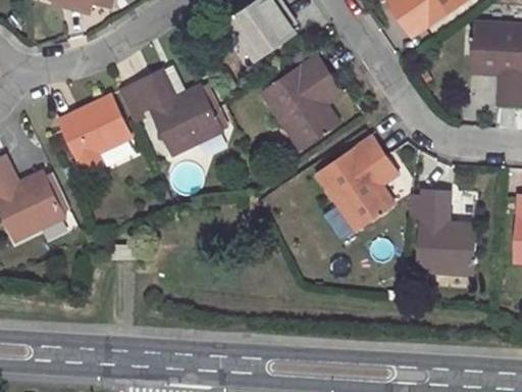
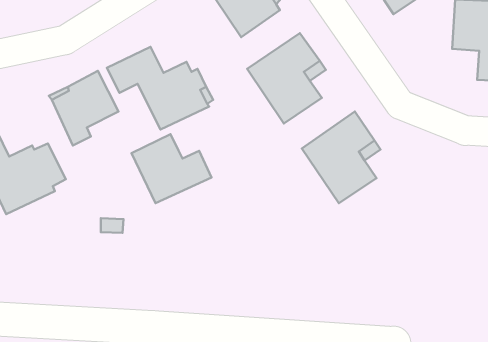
building: none -> [132,134,211,203]
building: [417,191,475,276] -> none

